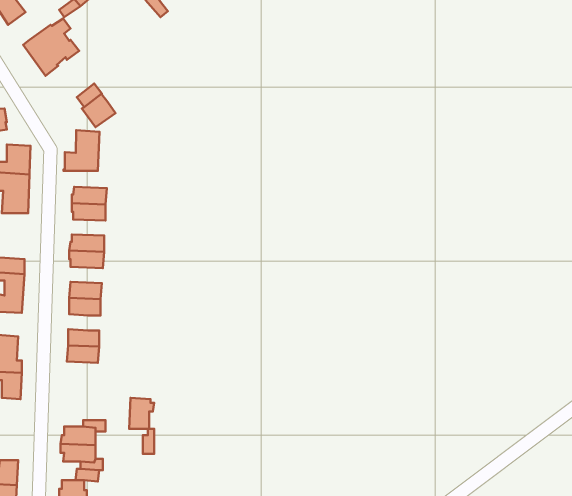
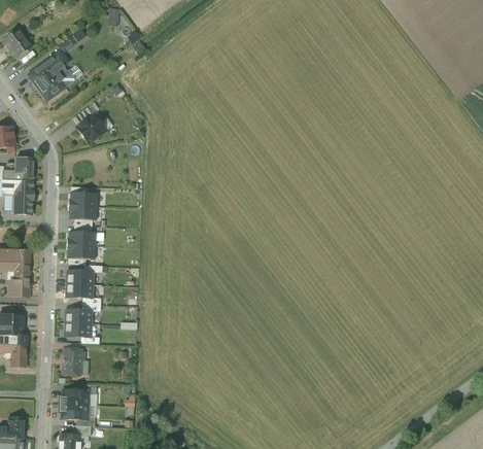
building: [64,130,99,171] -> none
building: [129,398,154,429] -> [63,348,83,374]

